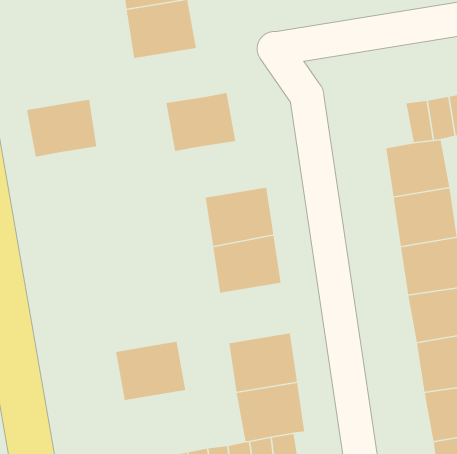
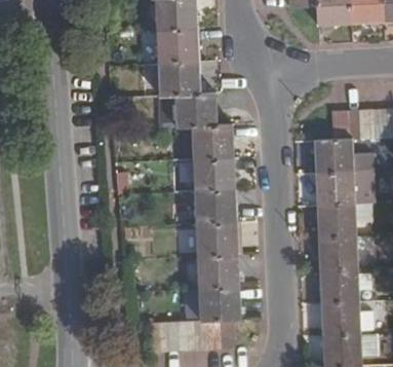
building: [26,99,97,157] -> [156,62,199,96]
building: none -> [190,124,233,159]
building: [115,341,186,401] -> [194,221,237,256]

